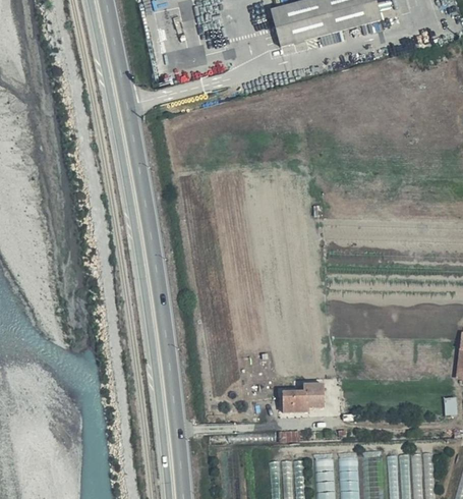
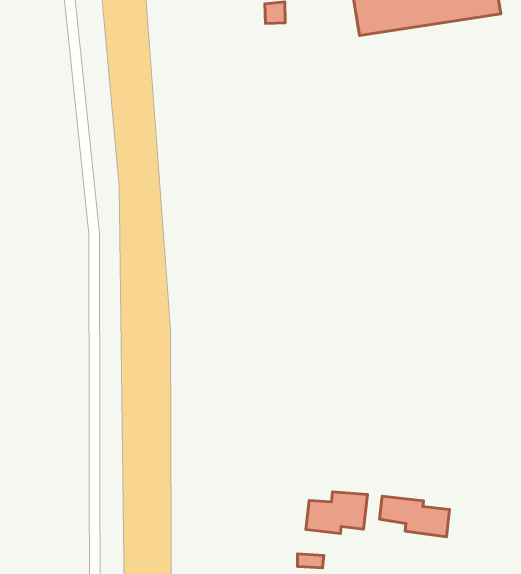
building: none -> [380,496,449,537]

